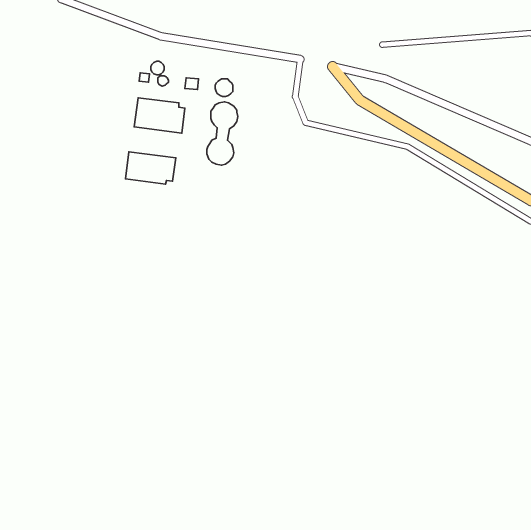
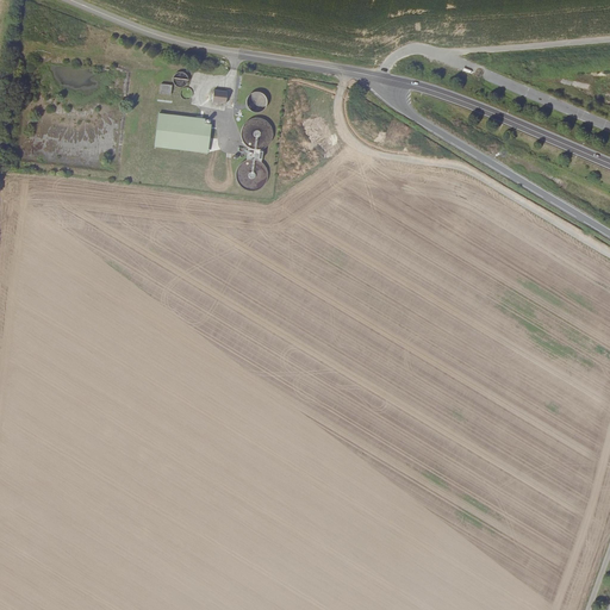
building: [126,152,176,184] -> none

